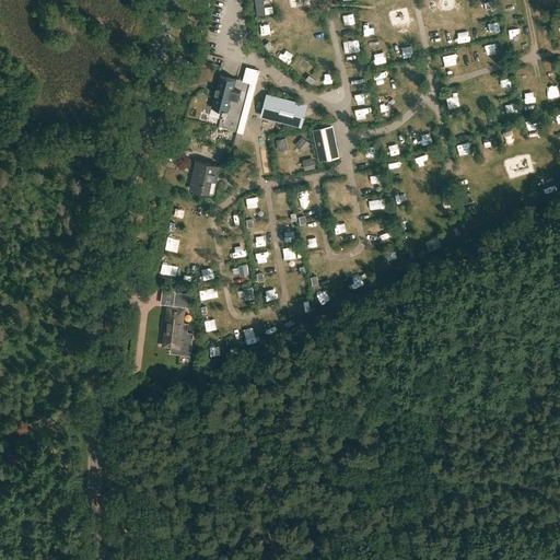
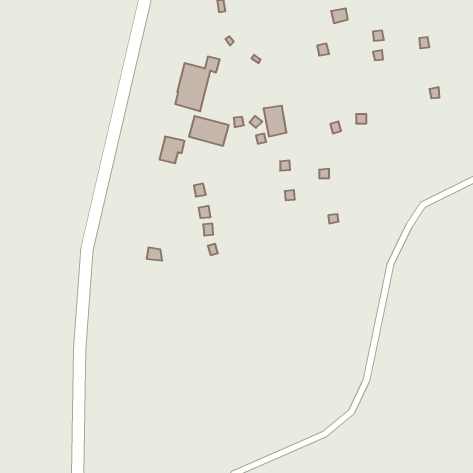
building: [259,94,306,129] -> [189,116,229,146]
building: [162,308,190,355] -> none

